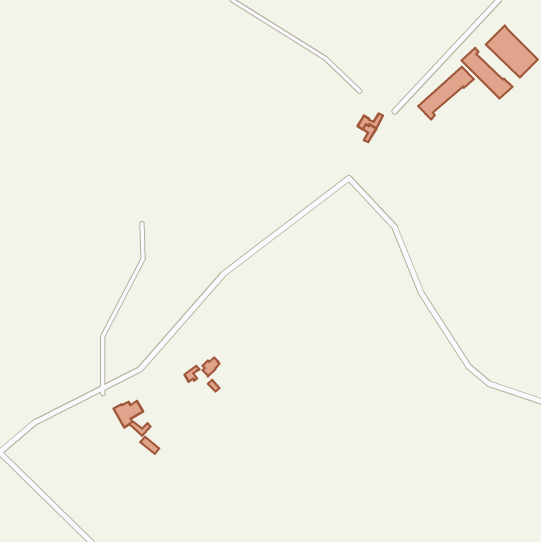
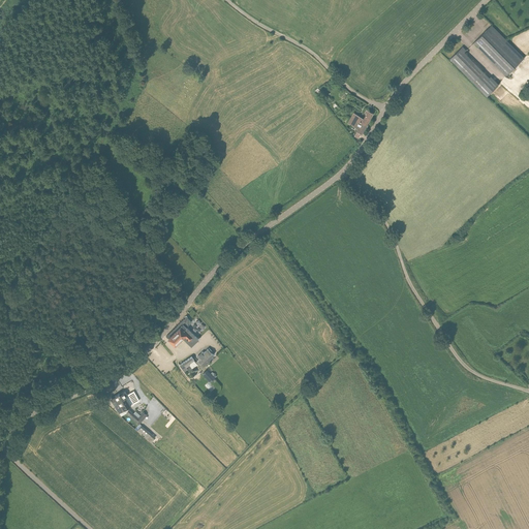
building: [418,67,474,119] -> none
building: none -> [167,316,199,346]

